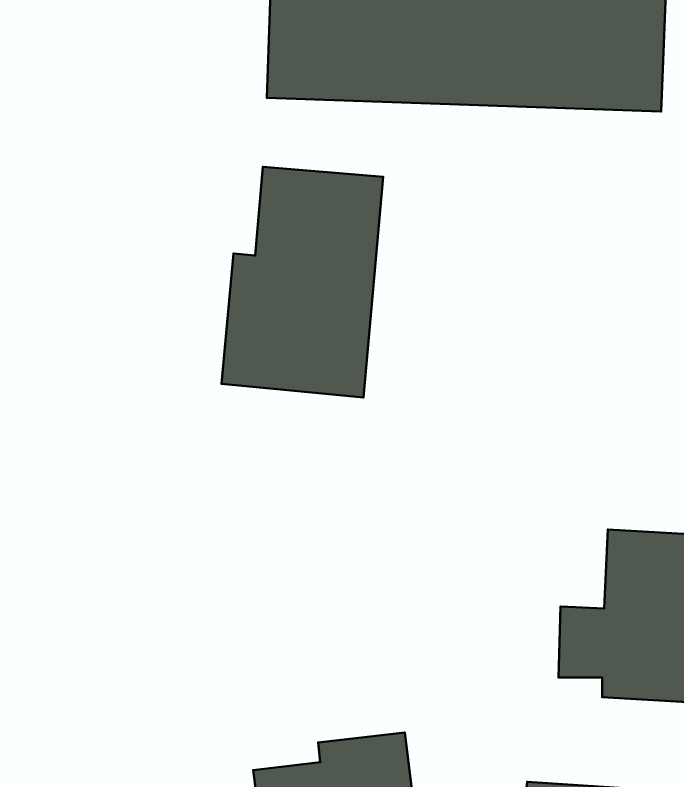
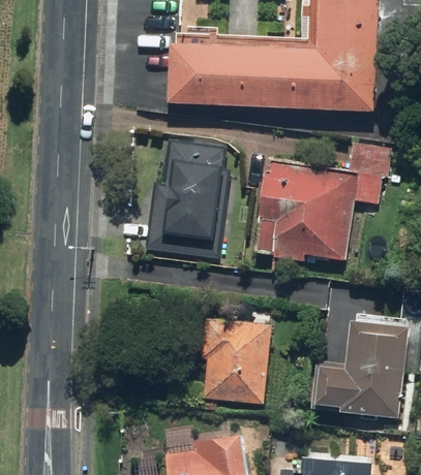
building: none -> [255,158,374,262]
building: none -> [201,321,270,401]

